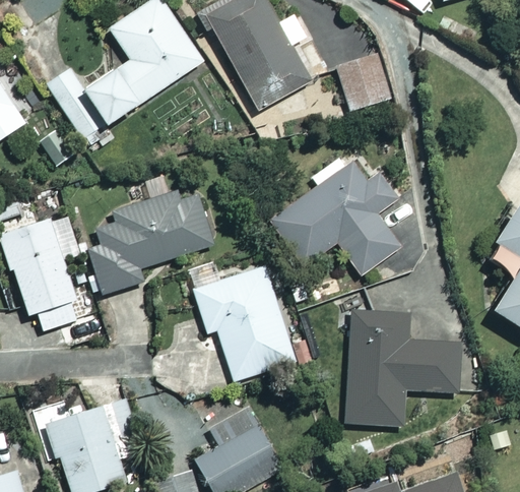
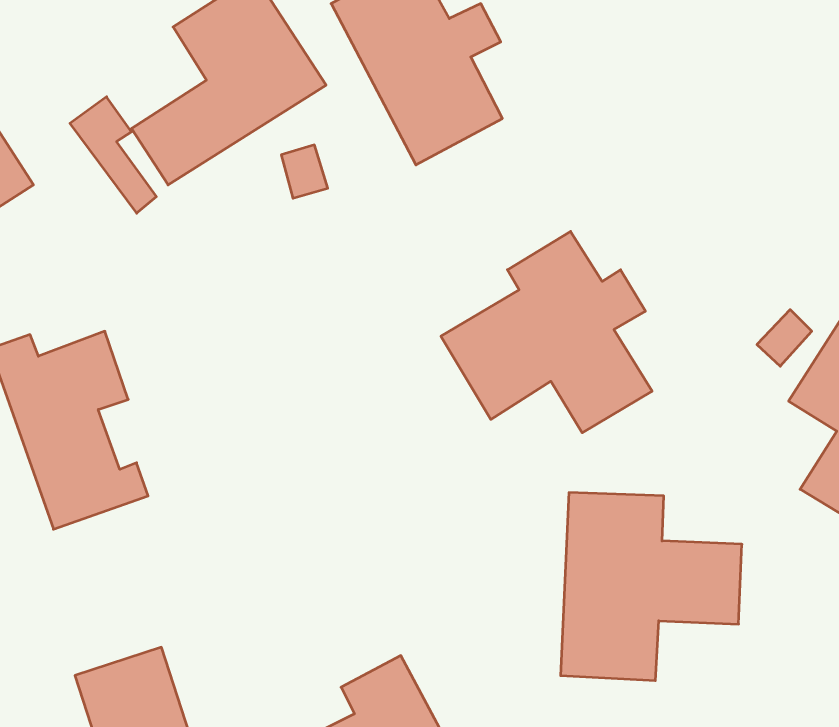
building: [336,54,390,110] -> none
building: [88,188,212,294] -> none
building: [193,266,295,381] -> none

